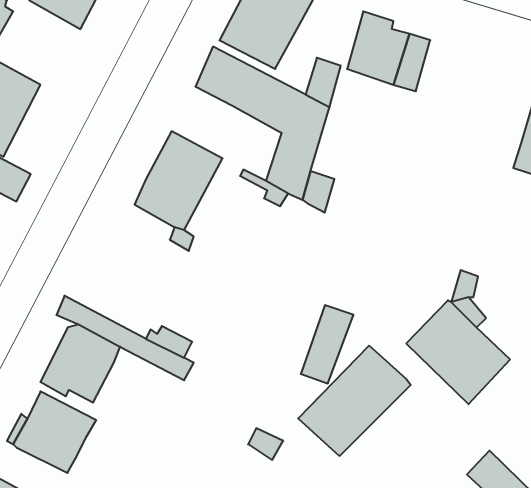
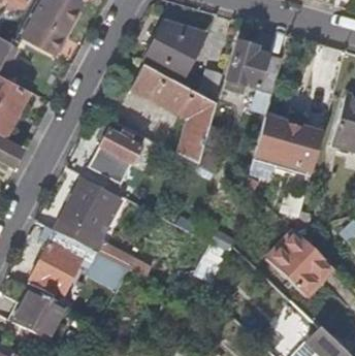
building: none -> [255,118,323,172]
building: none -> [63,180,115,236]
building: [298,346,411,456] -> none

